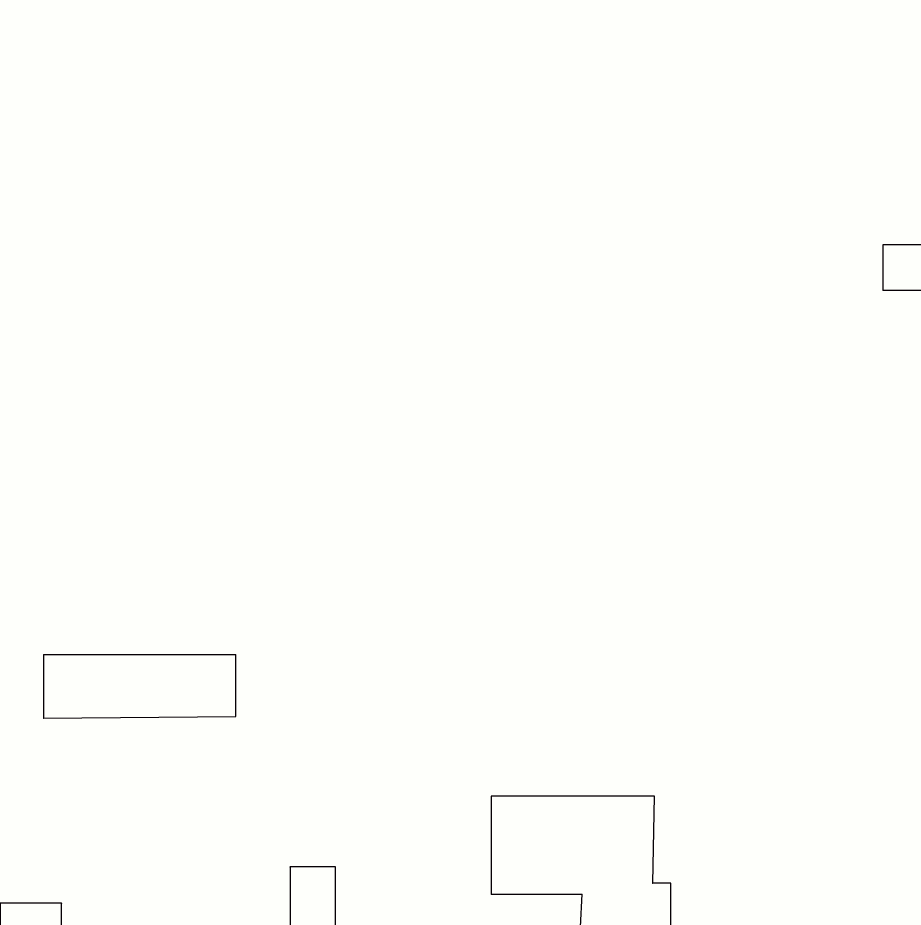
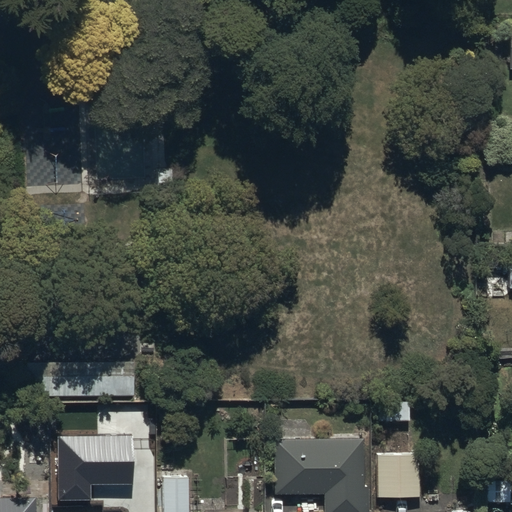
building: none -> [62,437,135,501]
building: none -> [378,454,420,498]

